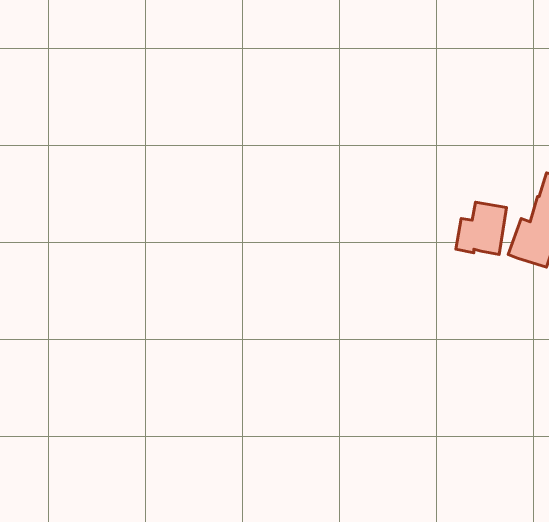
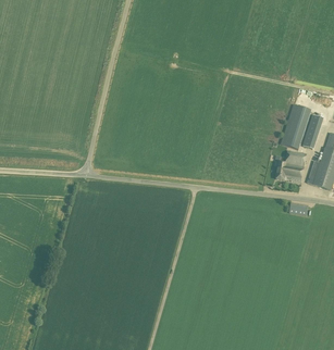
building: none -> [281,104,311,150]

